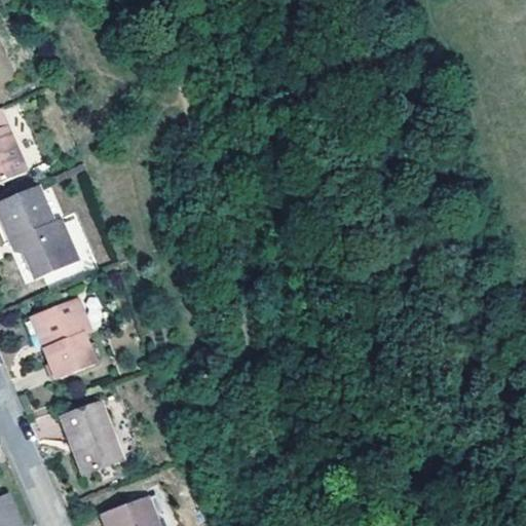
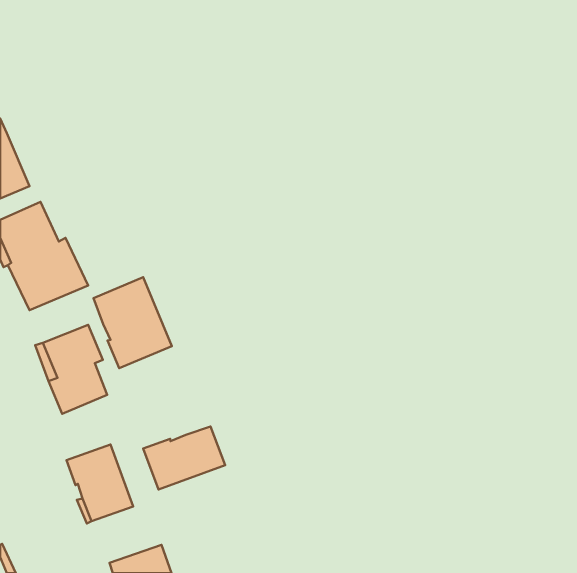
building: none -> [93,277,172,368]
building: none -> [143,426,225,489]

